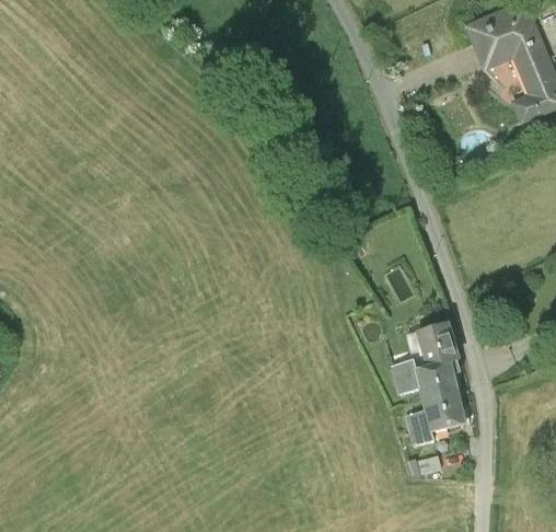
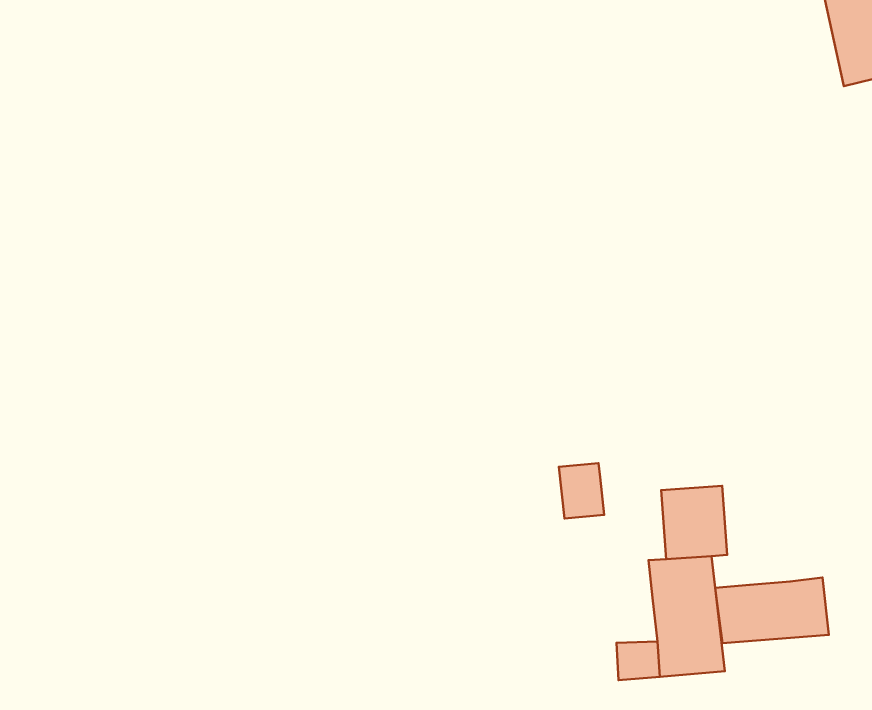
building: [391,358,420,392] -> [559,463,604,518]
building: none -> [715,577,829,643]

